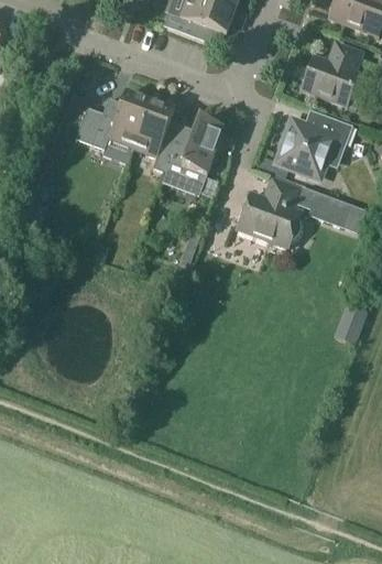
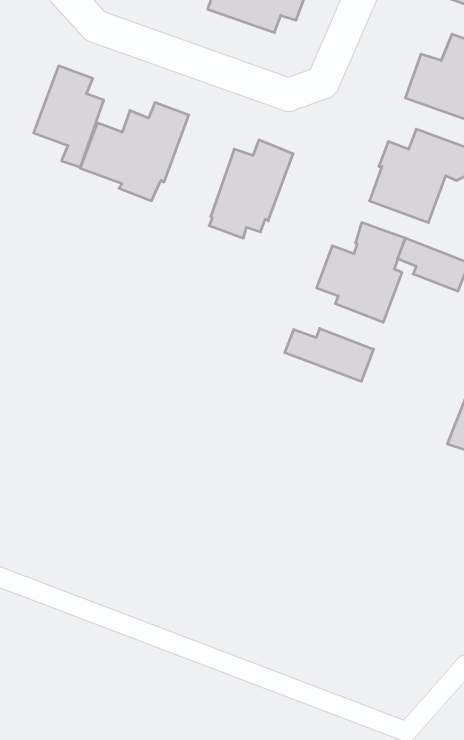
building: [132,101,182,173] -> [34,66,104,167]
building: none -> [285,328,374,381]

